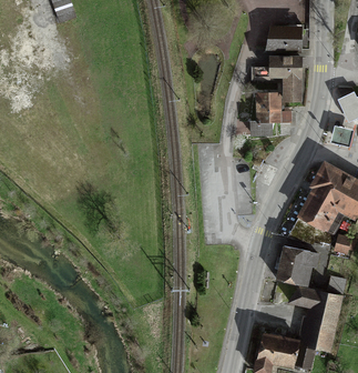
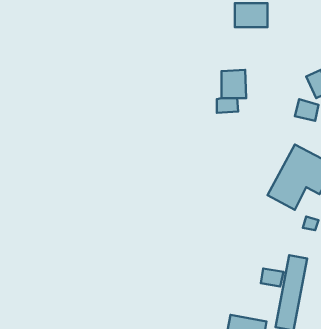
building: [269,51,300,104] -> none
building: [278,249,323,286] -> none

